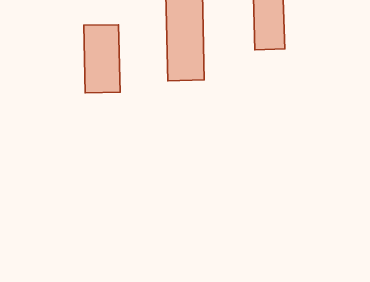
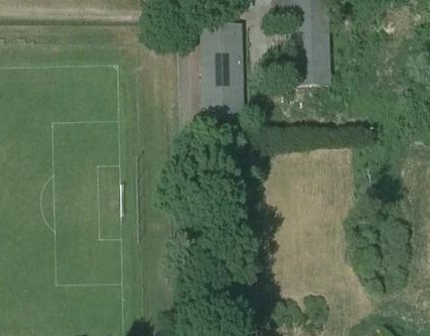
building: [84,25,120,93] -> none

